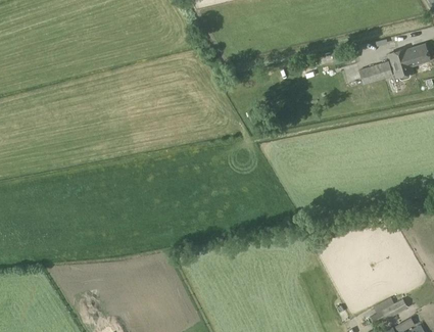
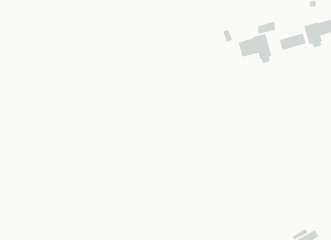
building: none -> [237,33,272,64]

